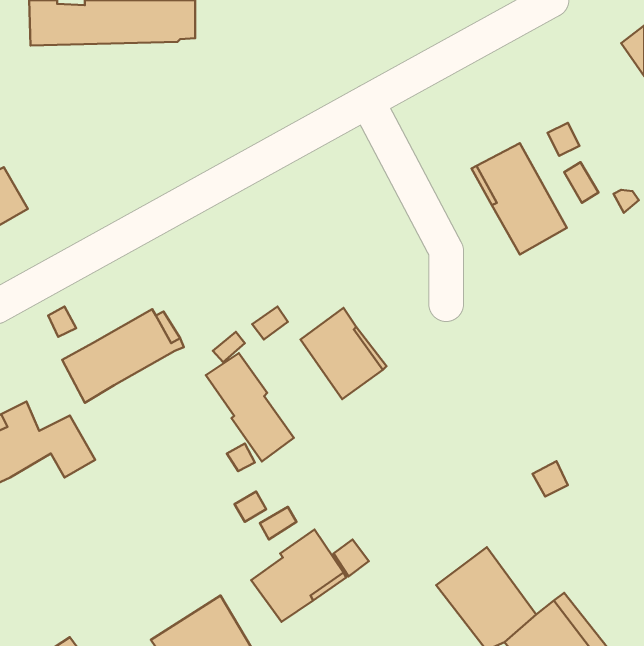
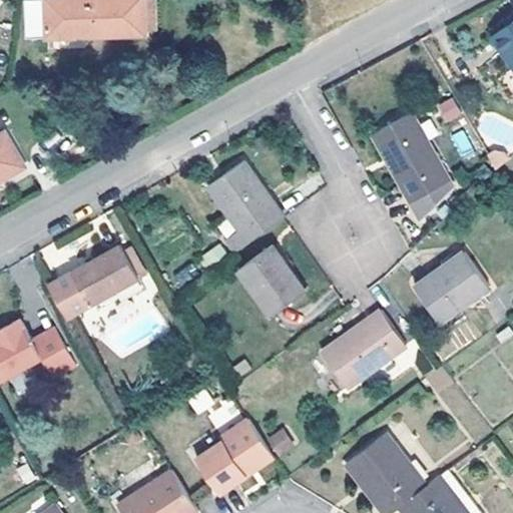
building: none -> [206,161,283,254]
building: none -> [414,252,489,322]
building: [206,353,294,462] -> none
building: none -> [321,312,405,388]

